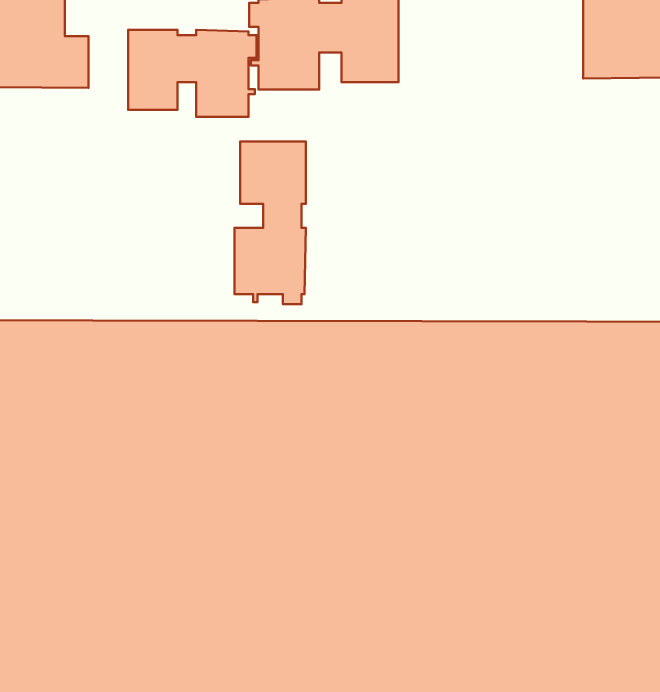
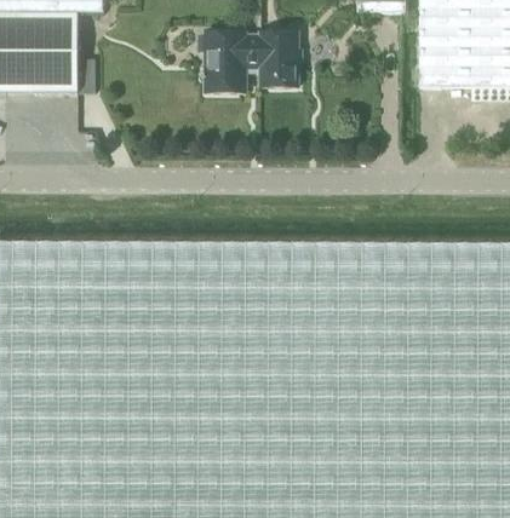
building: [128,30,256,117] -> none
building: [235,141,306,304] -> none

